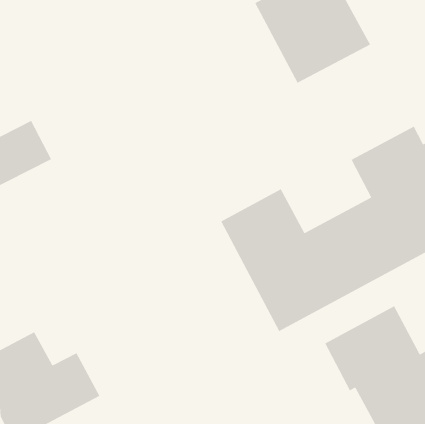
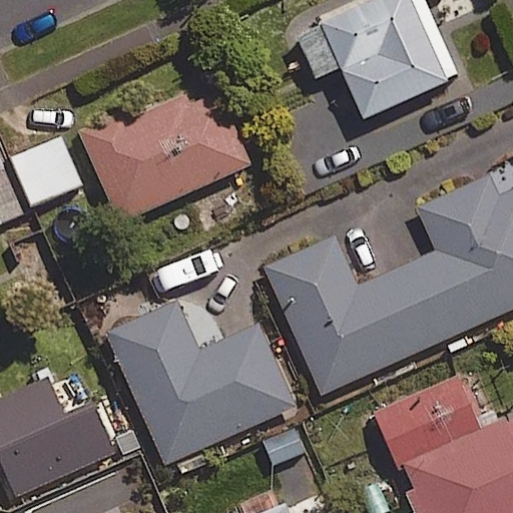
building: none -> [77,93,249,223]
building: none -> [105,301,297,465]

